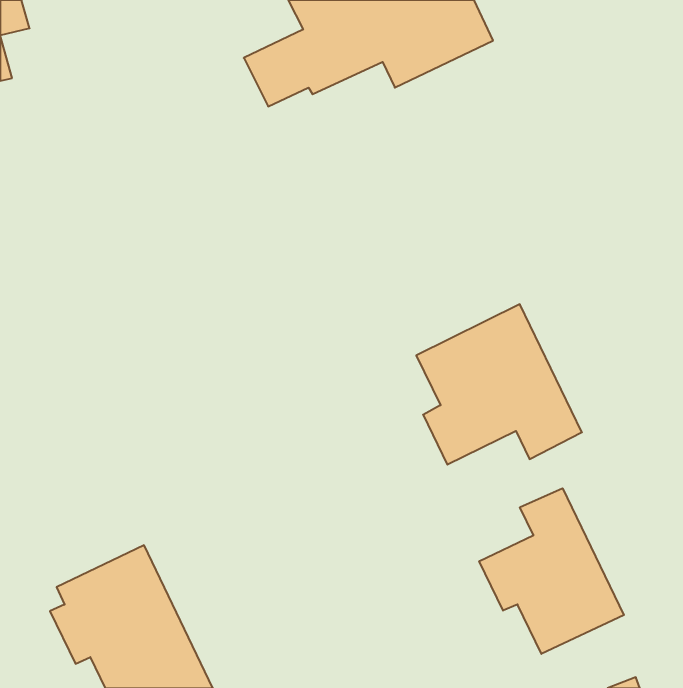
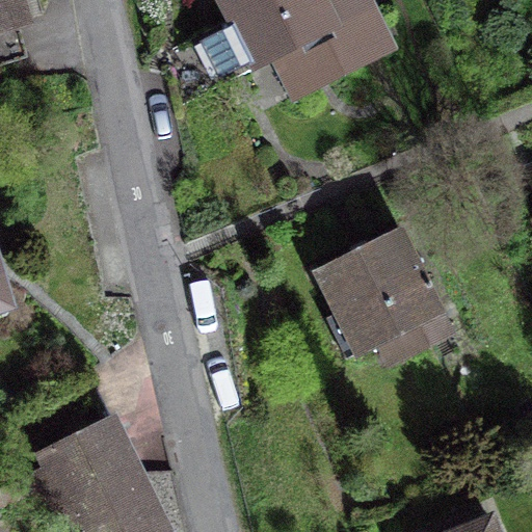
building: [479,488,624,654] -> none

